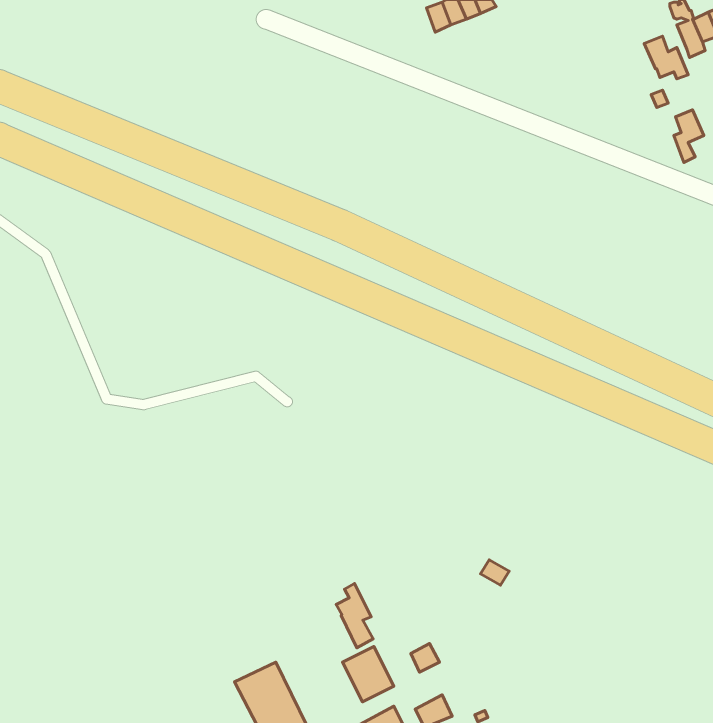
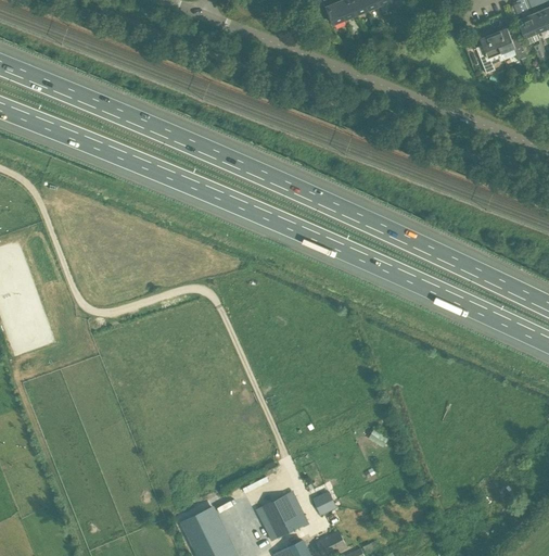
building: [674,110,704,162] -> [478,34,501,74]
building: [336,583,373,648] -> none

